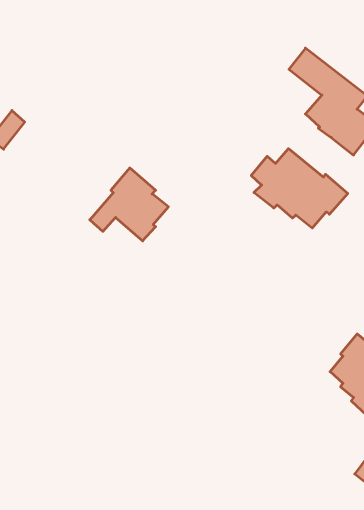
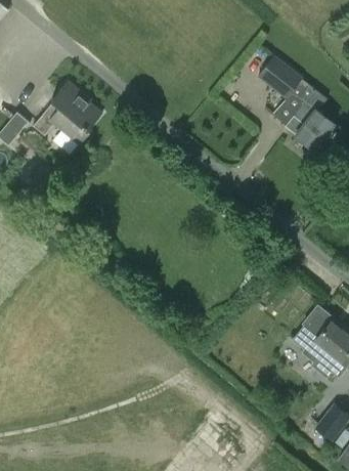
building: [251,149,348,228] -> none
building: [90,168,168,241] -> [33,79,101,142]

